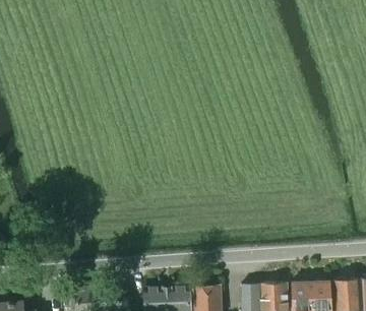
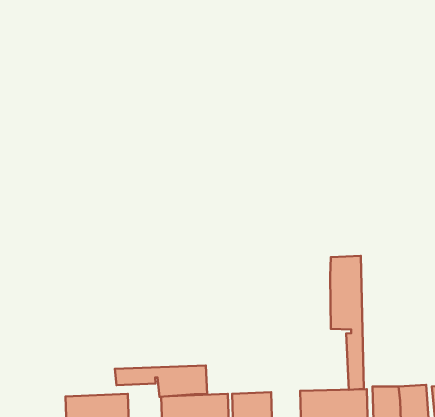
building: none -> [330,256,364,390]
building: none -> [115,366,207,397]

